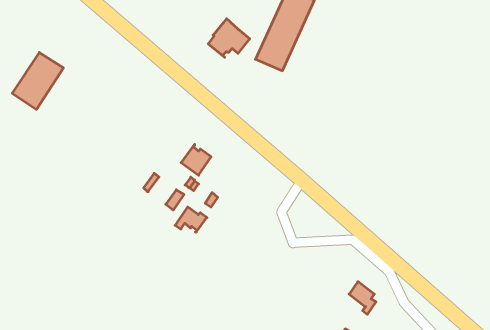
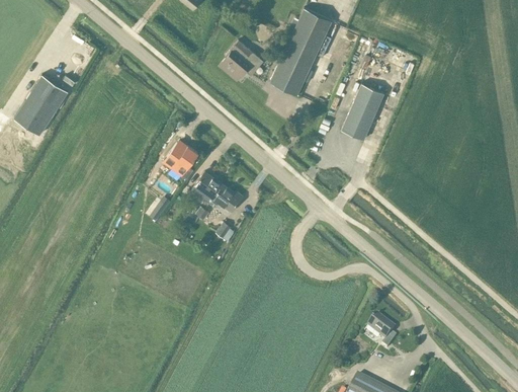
building: none -> [342,85,384,141]
building: none -> [167,145,198,168]
building: [175,207,207,232] -> [209,186,243,213]

